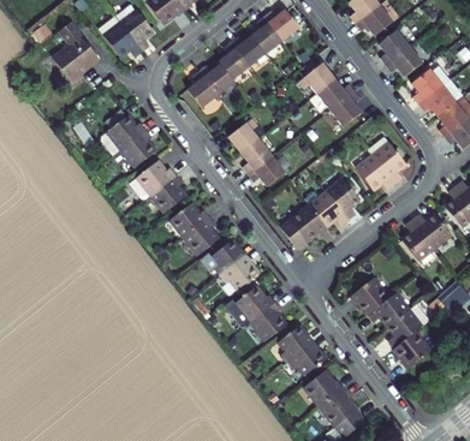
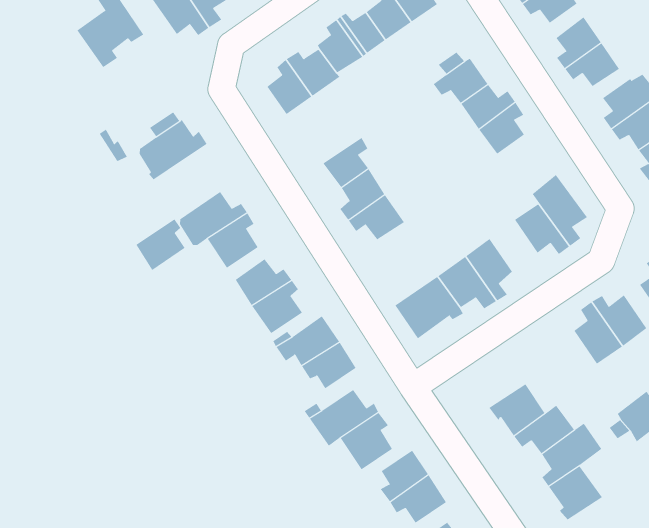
building: [124,130,157,166] -> [136,218,185,271]

